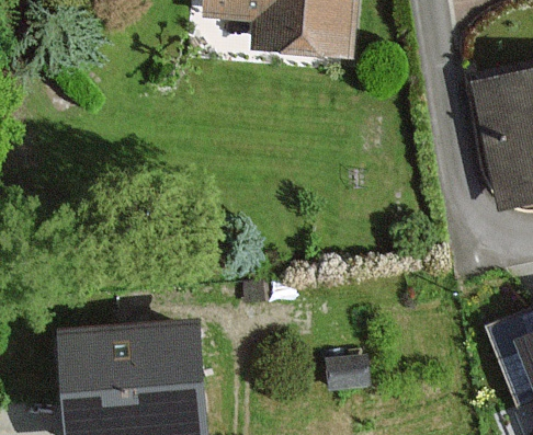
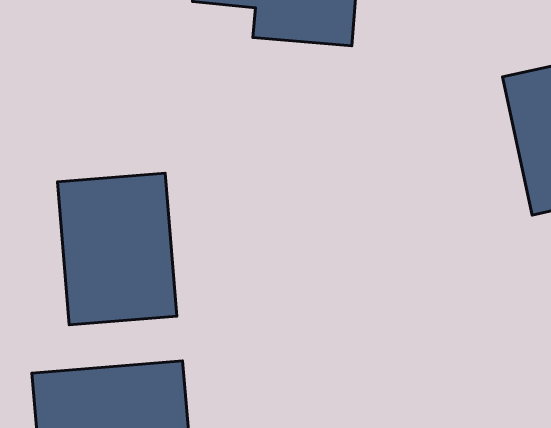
building: none -> [57,173,177,325]

